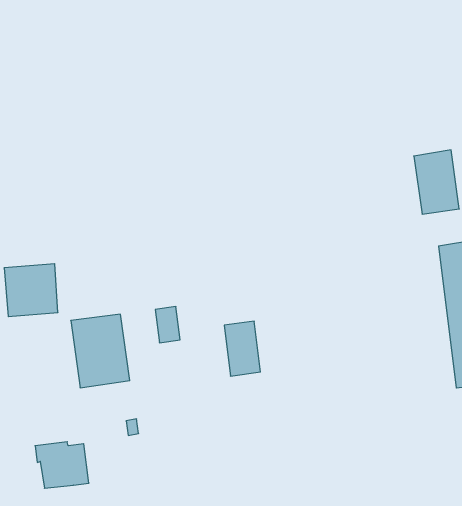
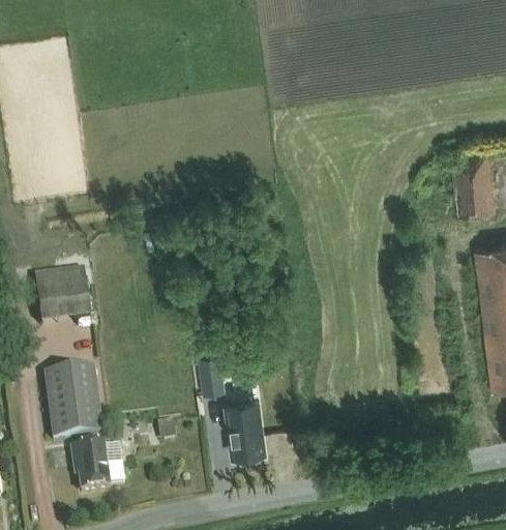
building: [155,307,180,343] -> [200,355,225,391]
building: [71,314,130,388] -> [43,366,102,440]
building: [224,321,260,376] -> [226,398,262,452]

